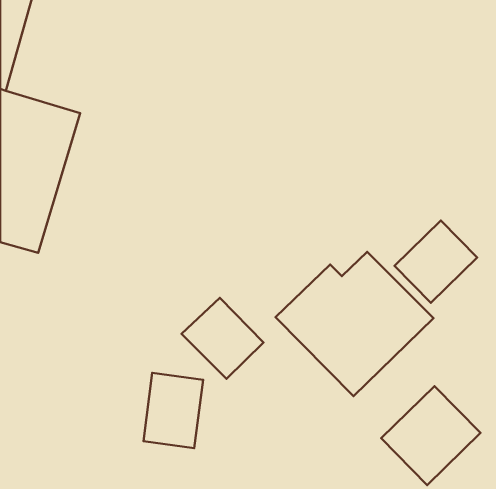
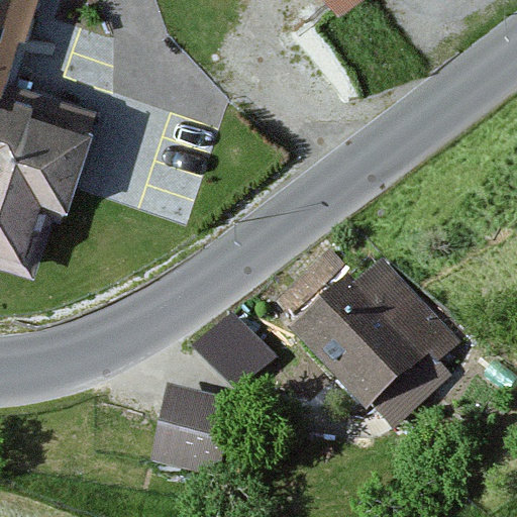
building: [395,221,477,303] -> none
building: [381,386,481,485] -> none

